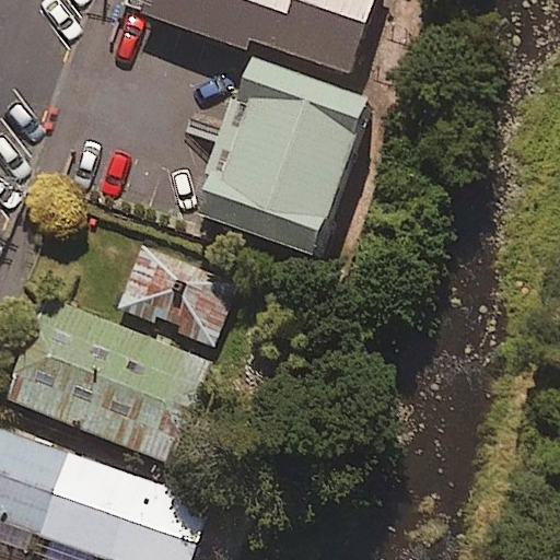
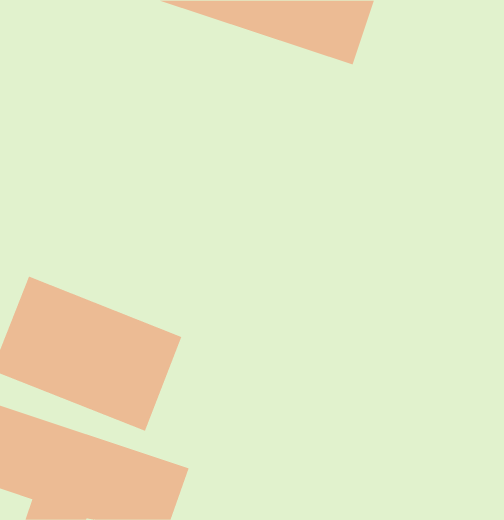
building: [224,56,399,230] -> none
building: [104,247,221,342] -> none

